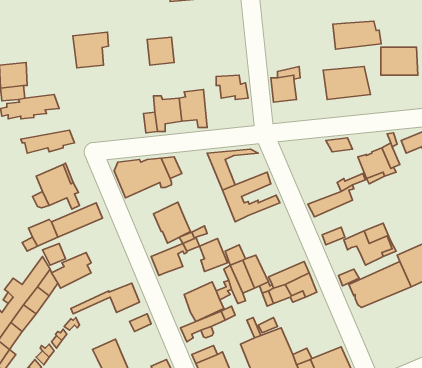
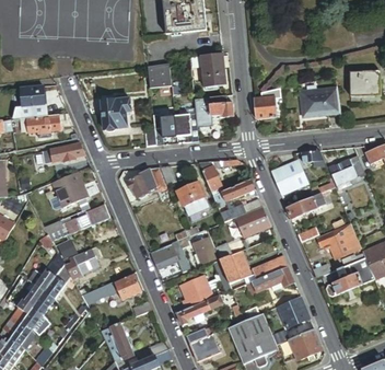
building: [333,21,381,49] -> none
building: none -> [189,53,225,86]
building: [73,32,109,68] -> [101,97,131,128]
building: none -> [270,160,307,194]
building: [153,202,190,243] -> [177,181,209,216]
building: none -> [234,206,270,238]
building: none -> [283,297,308,327]

